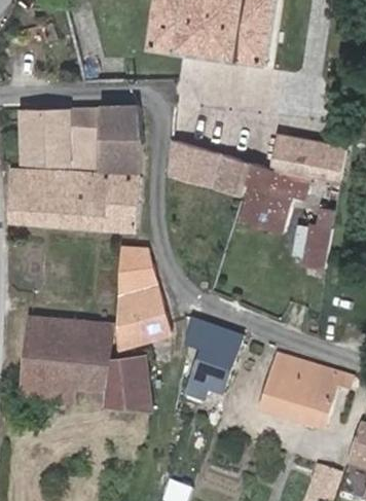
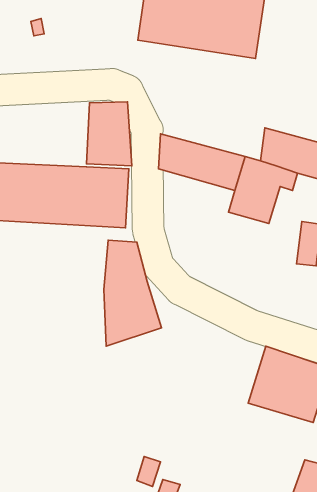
building: [19,107,101,168] -> none
building: [17,314,148,410] -> none
building: [186,316,243,391] -> none

